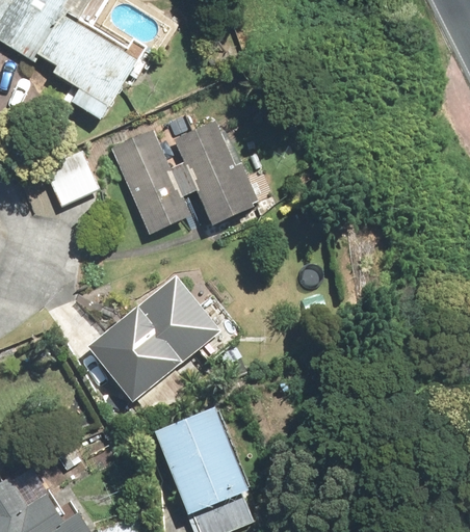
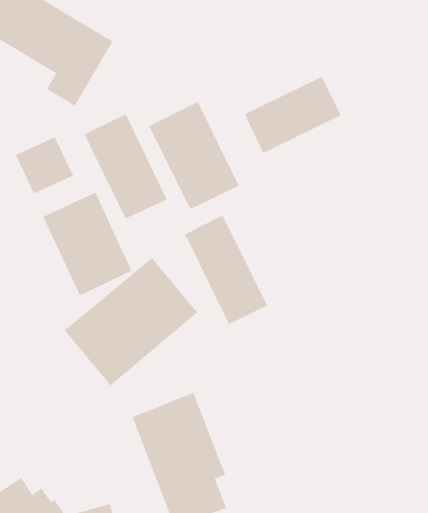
building: none -> [244,76,342,154]
building: none -> [42,191,133,297]
building: none -> [184,214,268,325]

